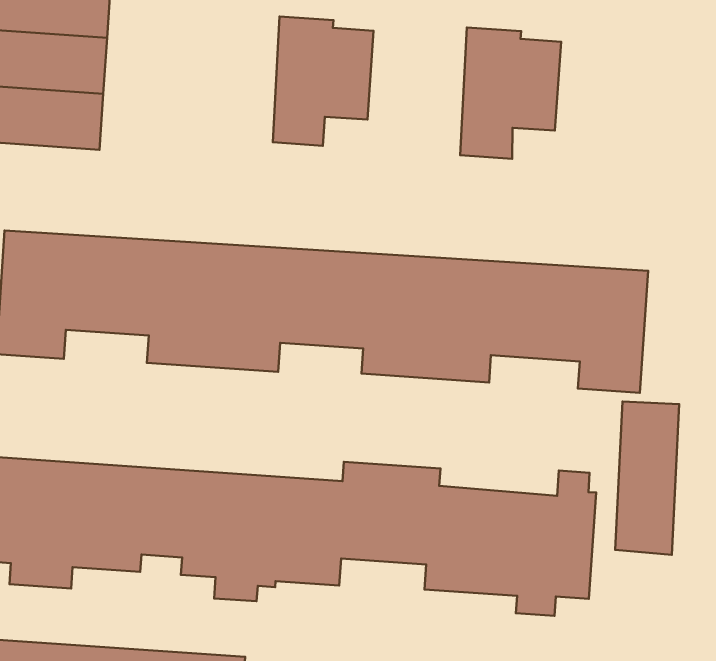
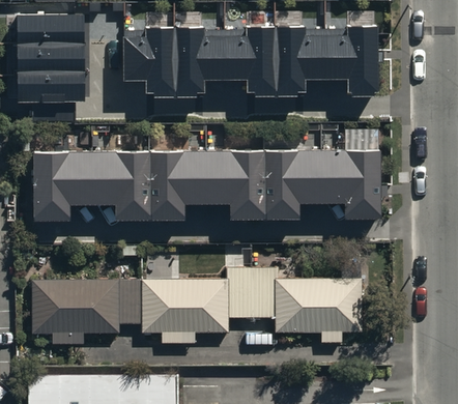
building: none -> [124,30,175,97]
building: none -> [225,29,276,97]
building: none -> [325,28,376,96]
building: [615,401,679,555] -> none

